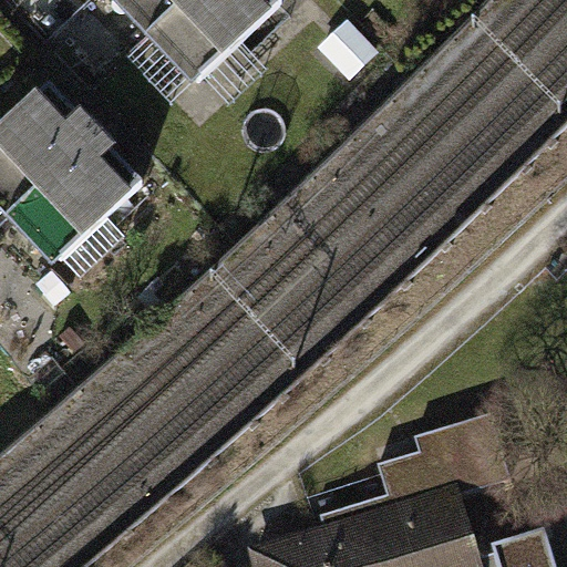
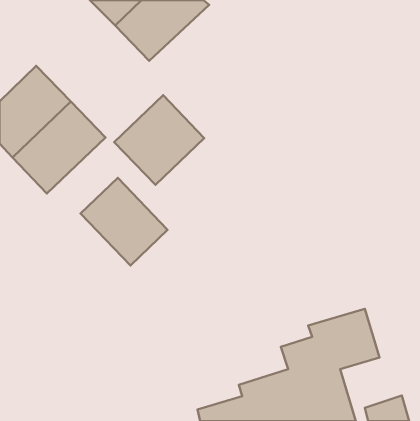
building: none -> [114,95,204,185]
building: none -> [81,178,168,266]

